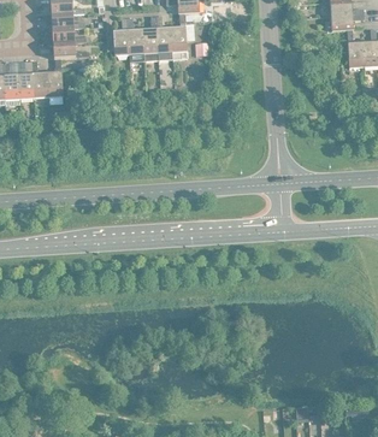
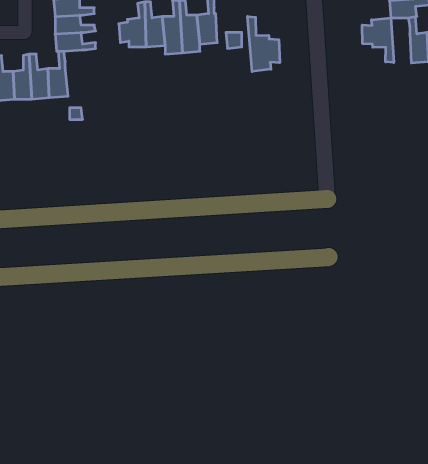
building: none -> [248,16,280,72]
building: none -> [362,18,394,63]

